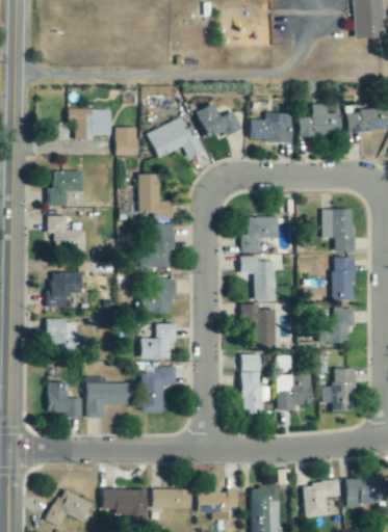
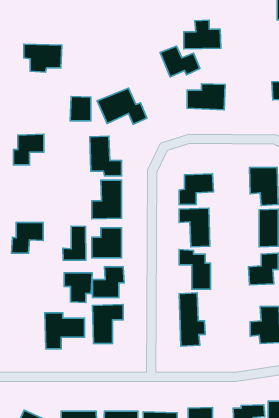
building: [197,103,242,138] -> [160,46,200,77]
building: [300,103,342,136] -> [184,20,221,49]
building: [69,108,112,140] -> [24,44,62,72]
building: [48,215,85,250] -> none
building: none -> [63,226,86,260]
building: [46,320,78,354] -> [64,273,92,303]
building: [277,374,313,410] -> none
building: [47,382,81,418] -> none

